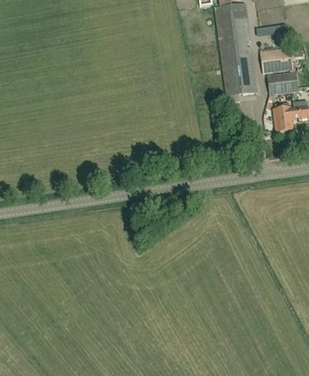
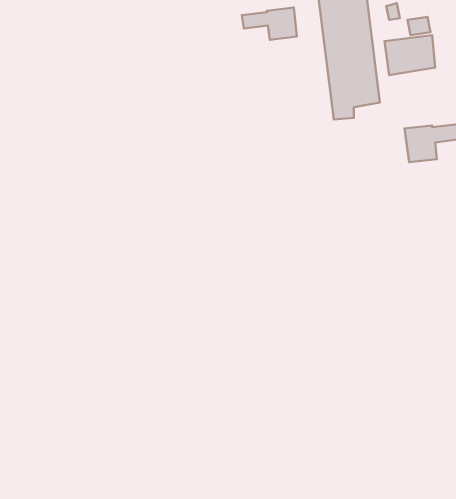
building: none -> [242,8,297,40]
building: [267,70,299,94] -> none

